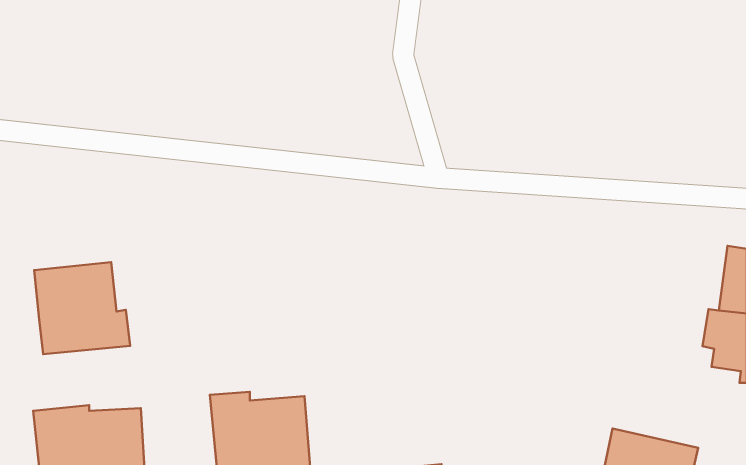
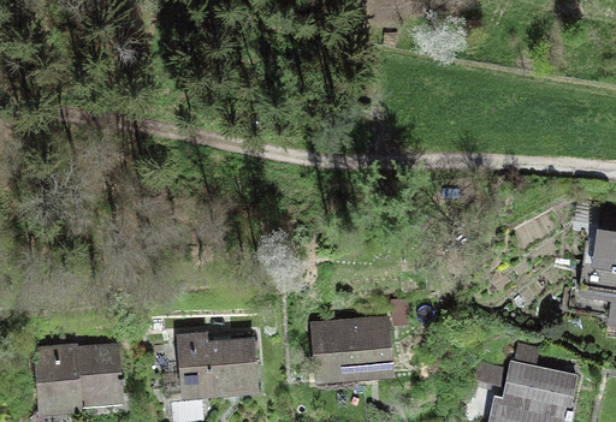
building: [34,262,130,354] -> none
building: none -> [312,301,410,384]

